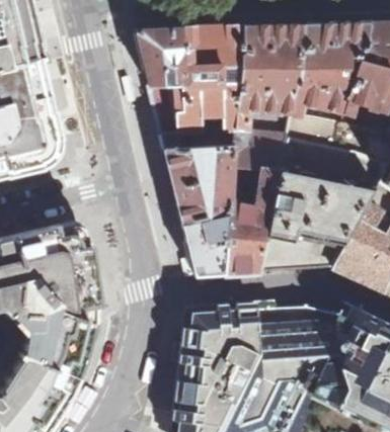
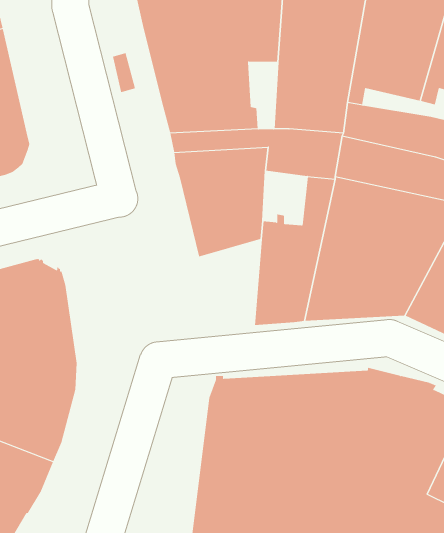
building: [218,83,239,132] -> none
building: [181,211,227,275] -> none

